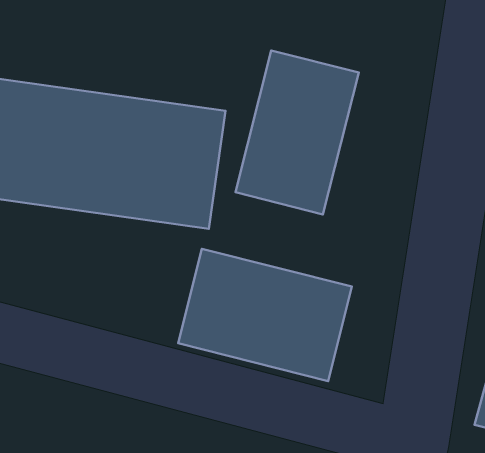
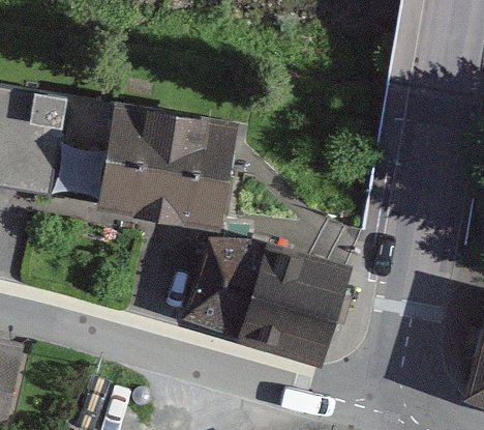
building: [235,50,359,214] -> none

